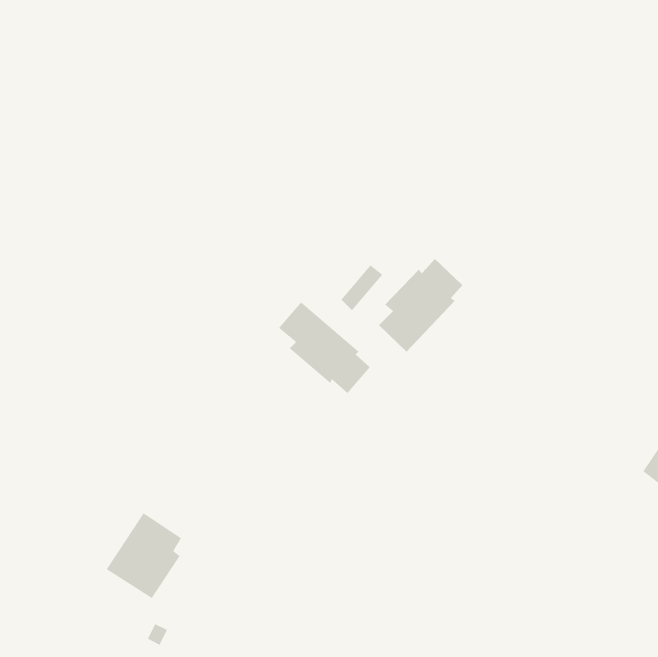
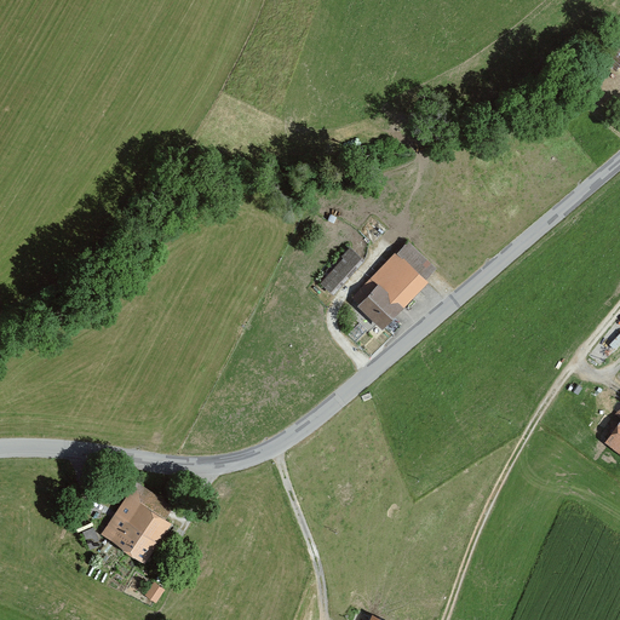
building: [278,301,371,394] -> none

